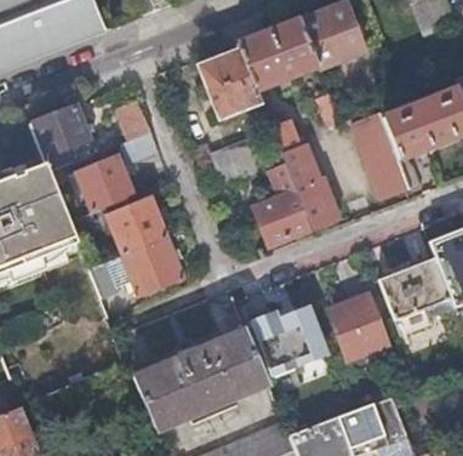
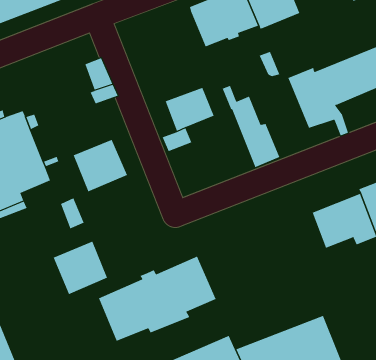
building: [195,47,259,116] -> none
building: [30,104,88,156] -> none
building: [74,154,132,211] -> none
building: [253,160,311,244] -> none
building: [120,235,183,297] -> [53,241,108,295]
building: [328,296,387,360] -> none
building: [251,304,328,375] -> none

